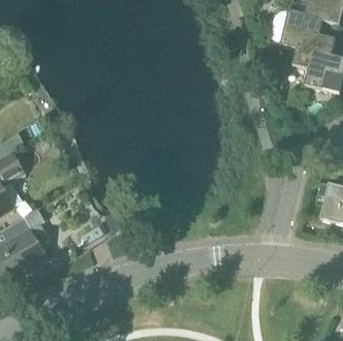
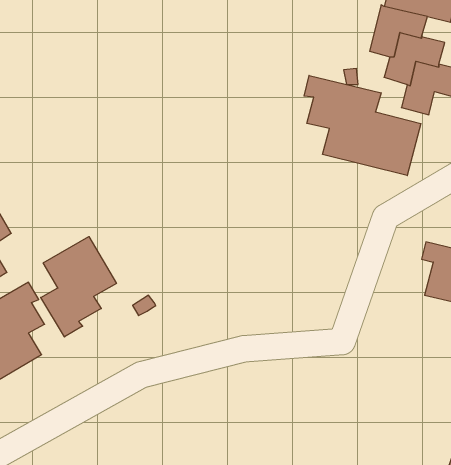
building: none -> [304,75,421,176]
building: none -> [41,237,116,337]

